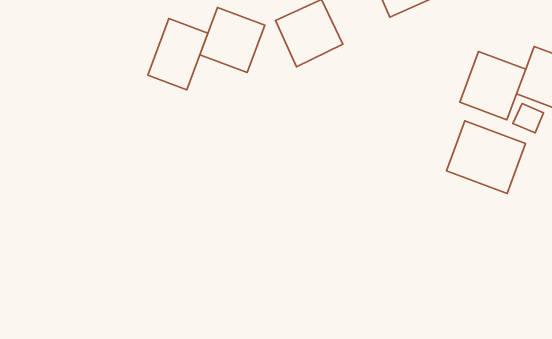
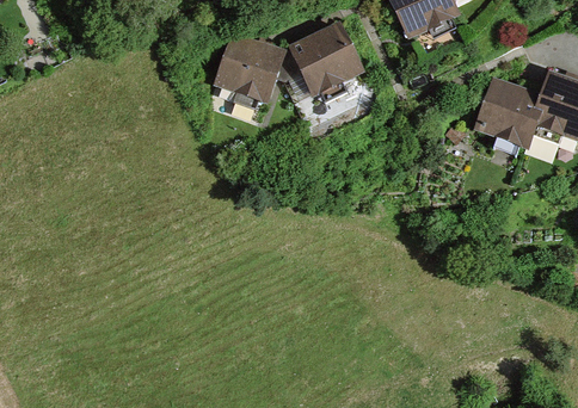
building: [148,19,208,90] -> none
building: [446,121,526,193] -> none

